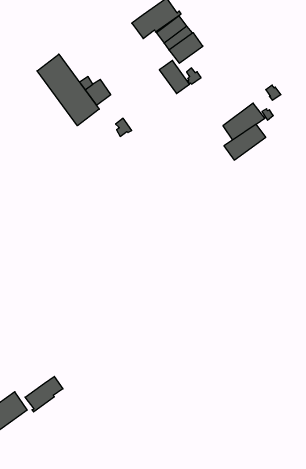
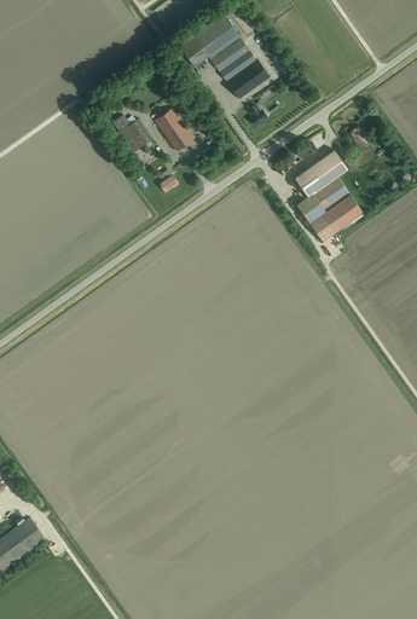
building: [37,54,99,126] -> none
building: [159,60,190,94] -> [155,108,193,150]
building: none -> [309,192,363,241]
building: [25,376,63,412] -> none

